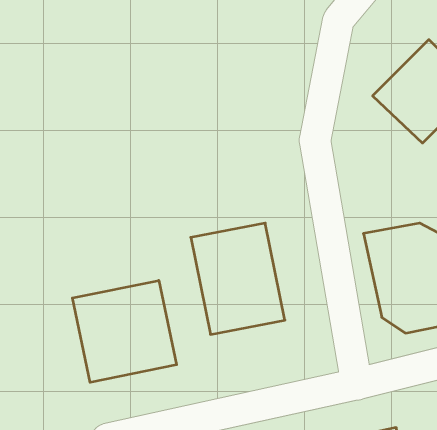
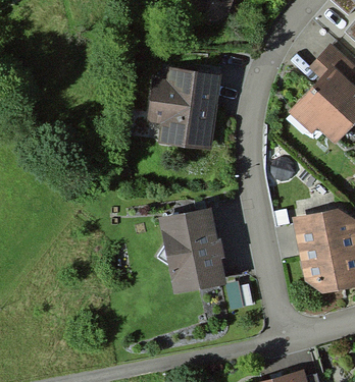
building: none -> [152,65,221,144]
building: [72,280,177,382] -> none

